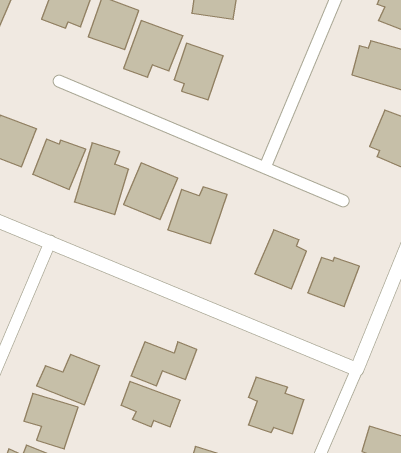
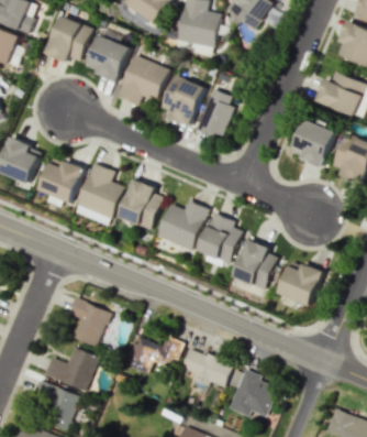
building: none -> [197,88,234,136]
building: none -> [290,119,335,165]
building: none -> [199,211,241,266]
building: none -> [67,297,109,346]
building: [121,381,180,427] -> [179,347,231,386]

